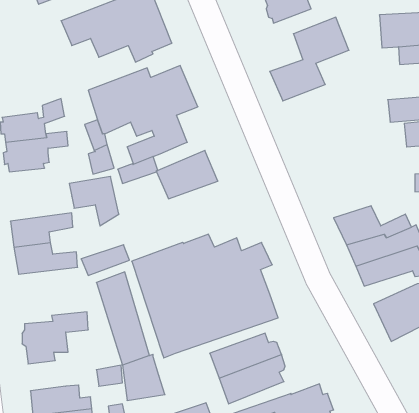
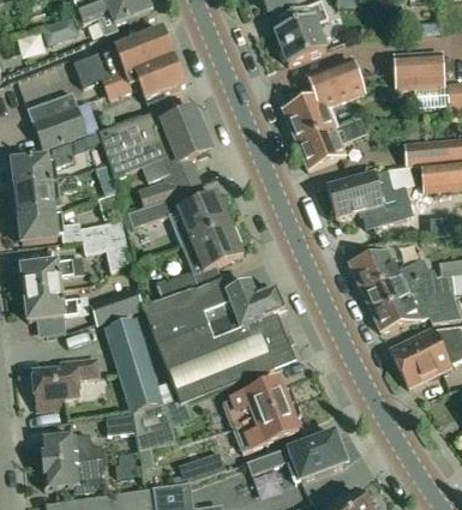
building: none -> [26,91,97,149]
building: none -> [296,118,367,170]
building: none -> [326,172,413,227]
building: none -> [16,210,82,242]
building: none -> [157,224,242,299]

